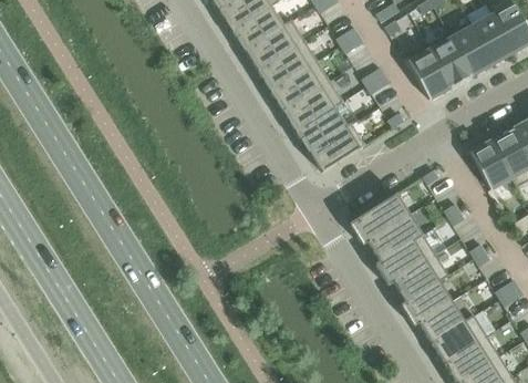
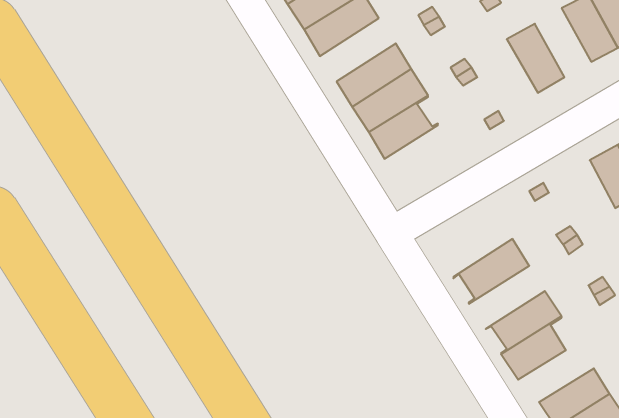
building: [428,32,473,86] -> none
building: [259,40,319,90] -> none
building: [310,124,365,172] -> none
building: [350,193,411,244] -> none
building: [376,235,436,284] -> none
building: [415,301,475,342] -> none

